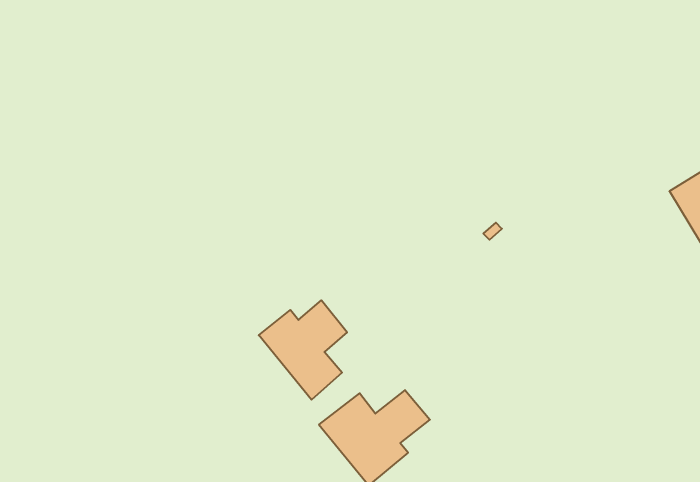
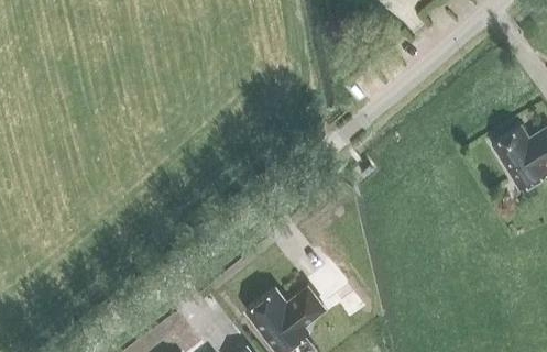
building: [259,300,347,400] -> none

